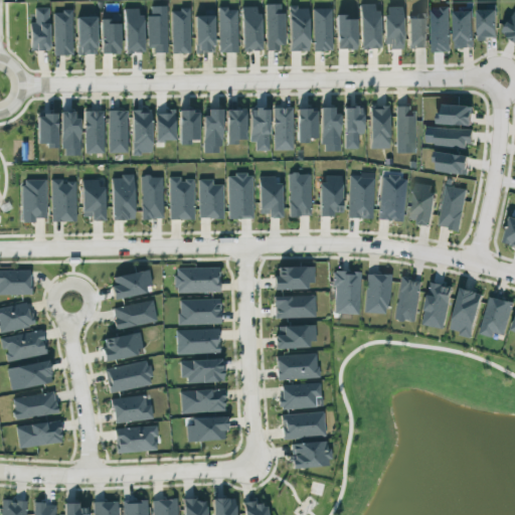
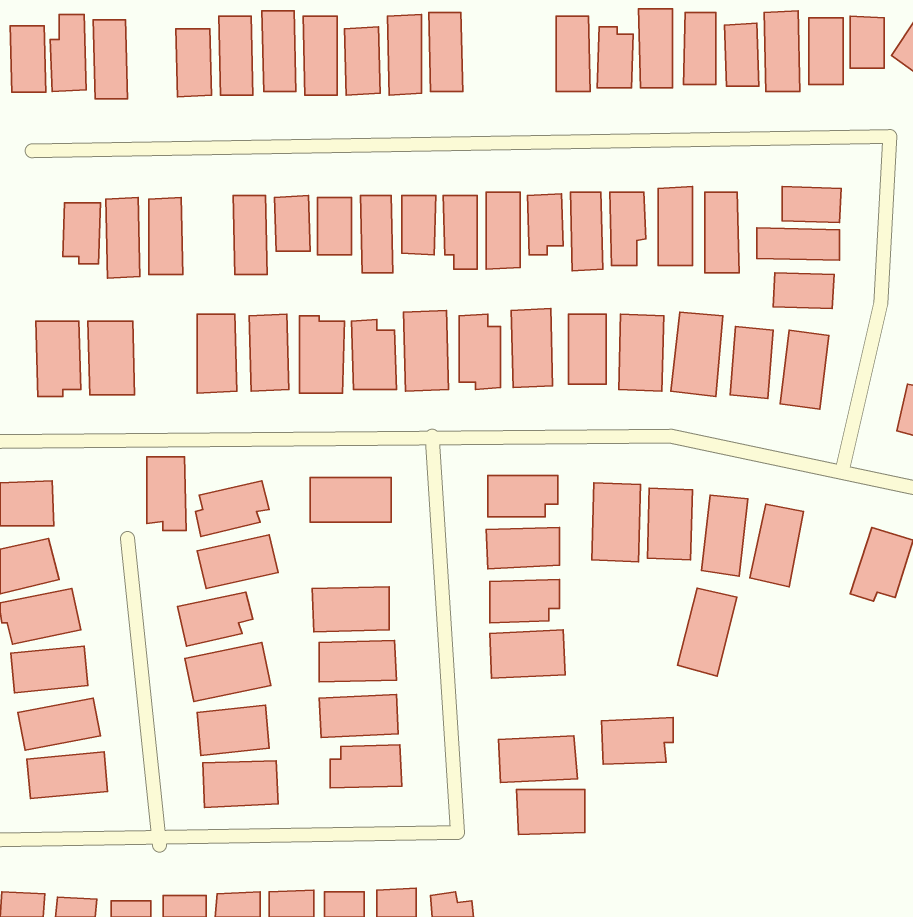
building: [267,4,286,49] -> none
building: [290,7,310,51] -> none
building: [77,17,98,54] -> [10,26,46,92]
building: [109,111,129,154] -> none
building: [82,180,105,221] -> [147,457,186,531]
building: [451,288,484,337] -> [678,588,737,676]
building: [179,299,222,325] -> none
building: [281,383,321,409] -> [601,717,673,764]

